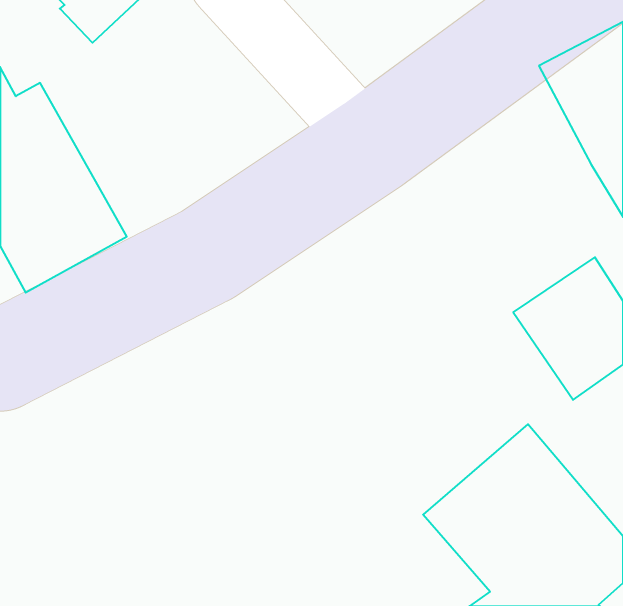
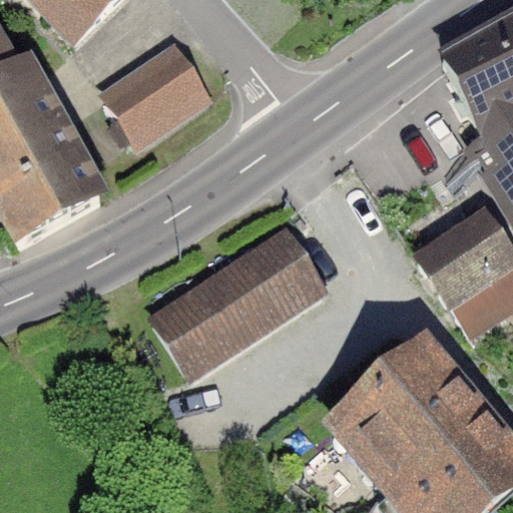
building: none -> [108,46,207,138]
building: none -> [156,228,327,372]

